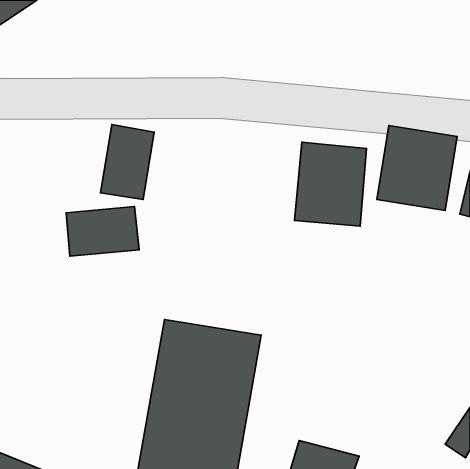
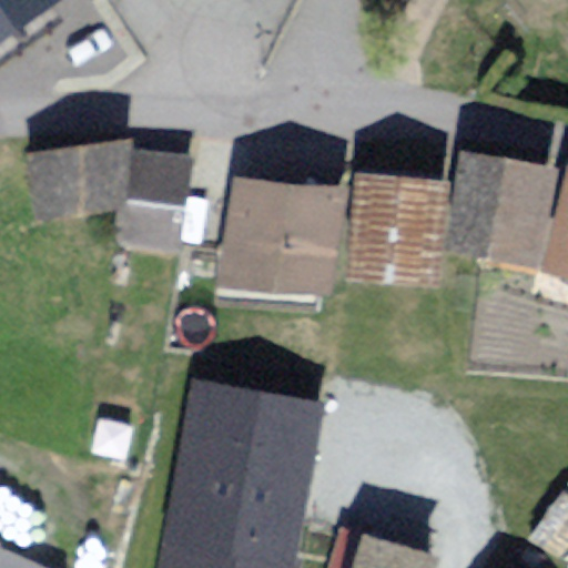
building: none -> [227,182,334,285]
building: [66,206,139,256] -> [33,146,121,206]

